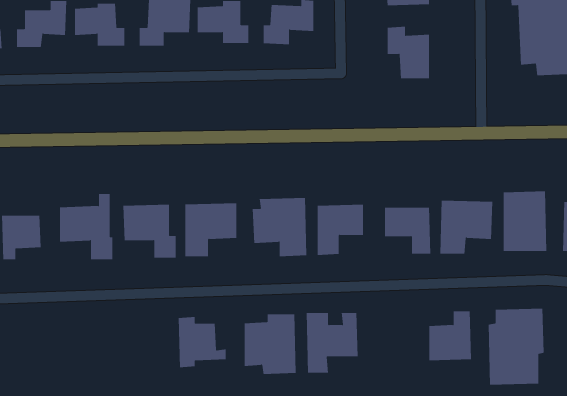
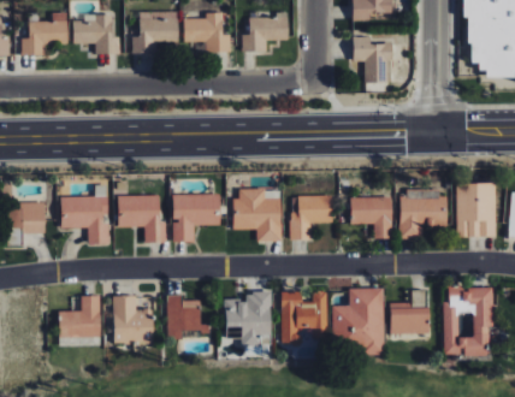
building: none -> [332,289,384,351]
building: none -> [58,296,100,338]
building: none -> [113,296,153,343]

